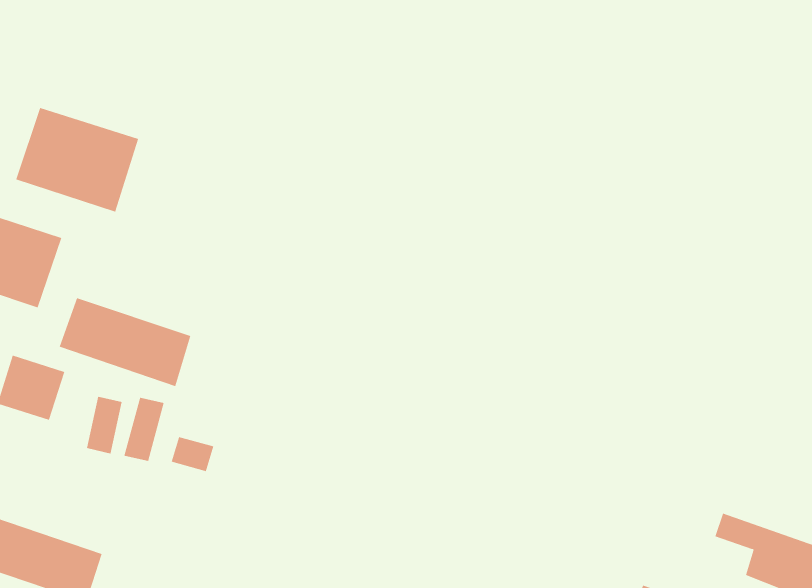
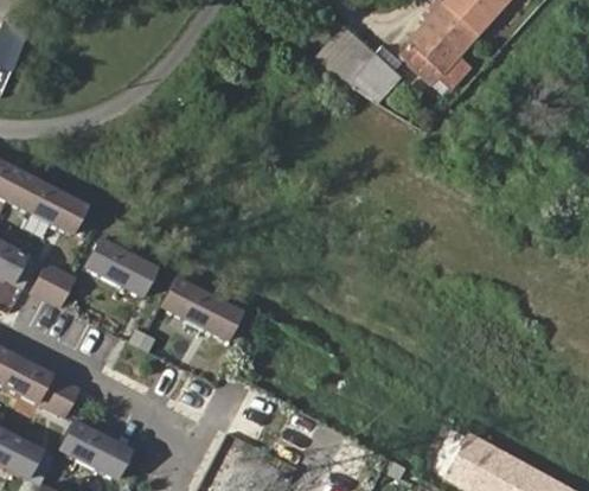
building: [16,107,139,212] -> none
building: none -> [161,279,242,343]

